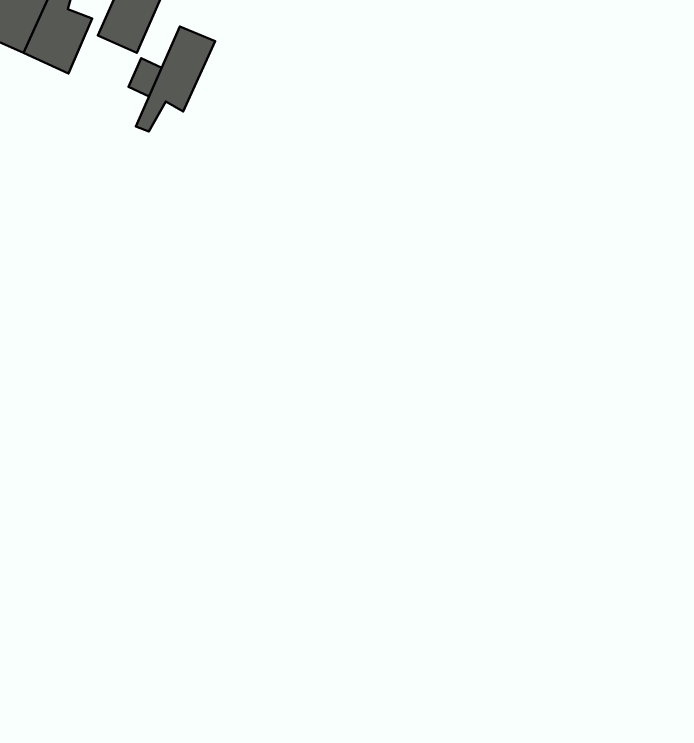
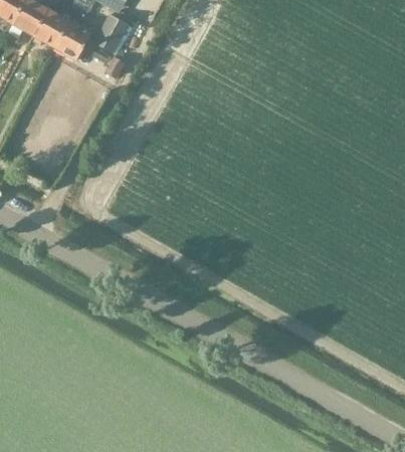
building: [136,26,215,132] -> none

